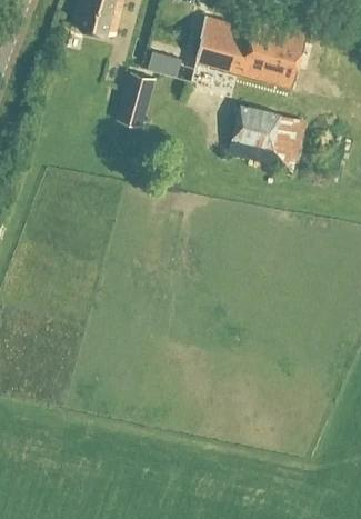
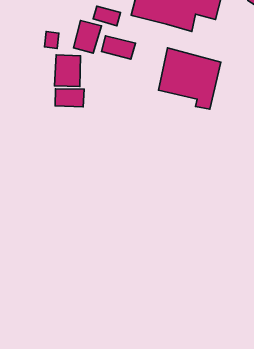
building: none -> [102,36,135,59]
building: none -> [55,89,84,107]

